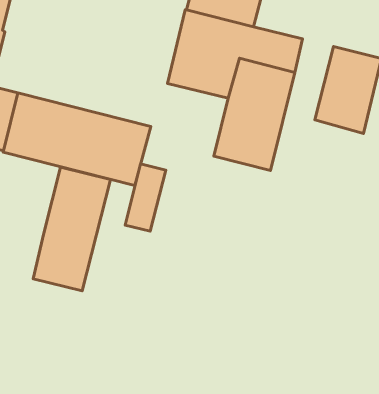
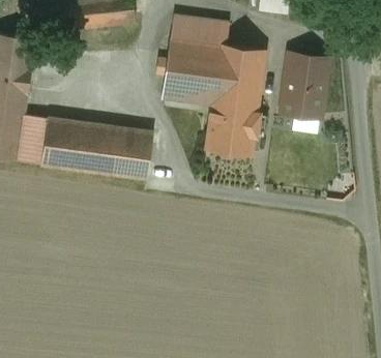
building: [125,164,166,231] -> none
building: [33,167,111,291] -> none

